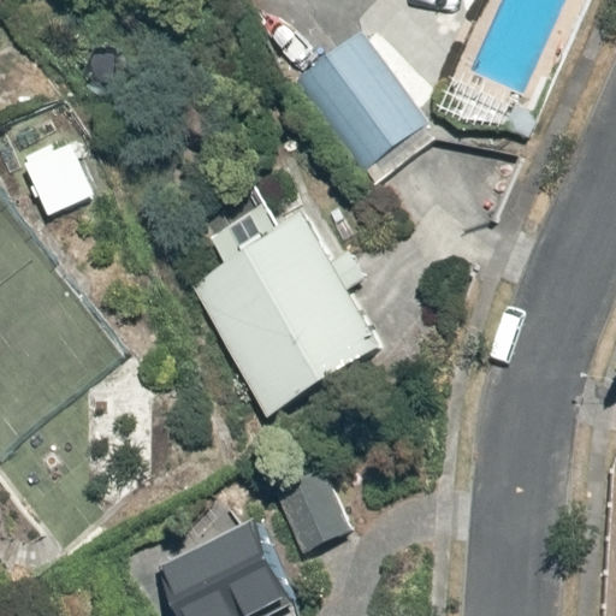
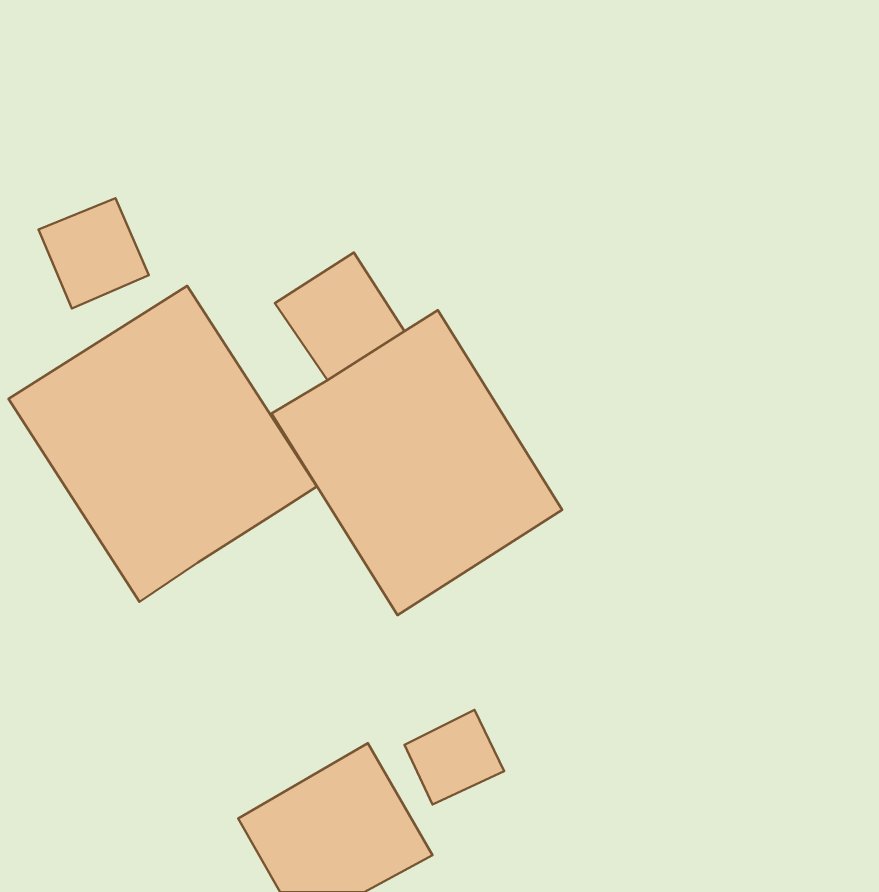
building: [291,37,422,174] -> none
building: none -> [9,286,317,602]

